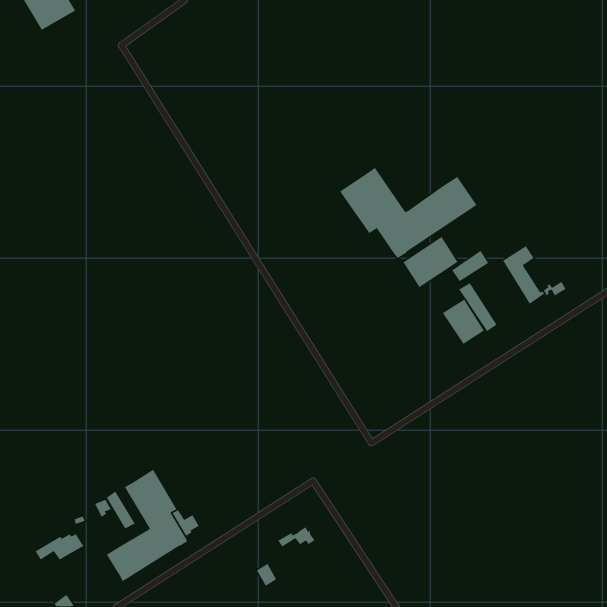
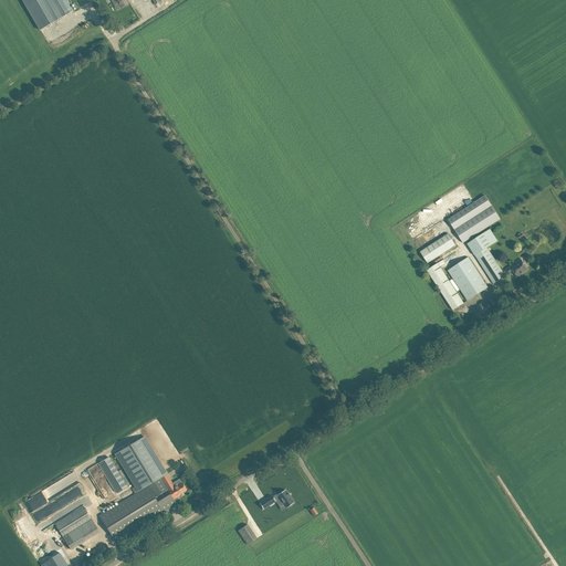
building: [339,167,477,259] -> none
building: [402,236,458,288] -> [447,193,499,242]
building: [442,299,485,345] -> [447,256,486,300]
building: none -> [54,505,98,548]

